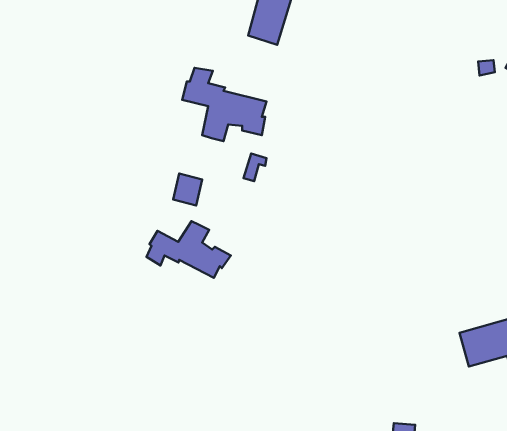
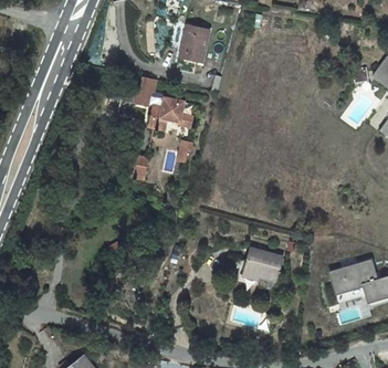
building: [146,221,231,278] -> none
building: none -> [237,250,277,281]

